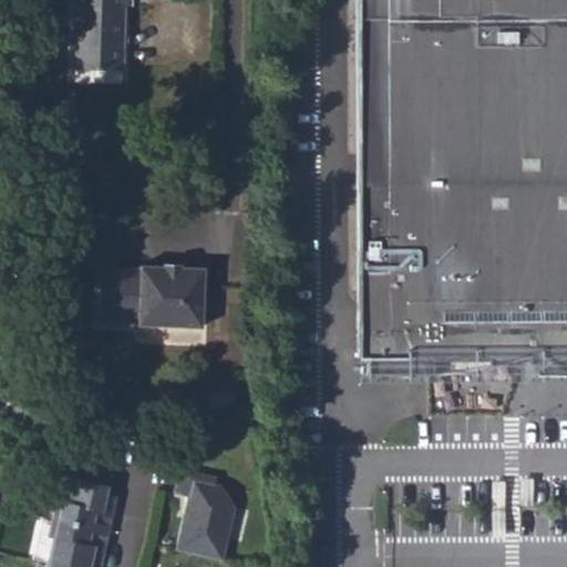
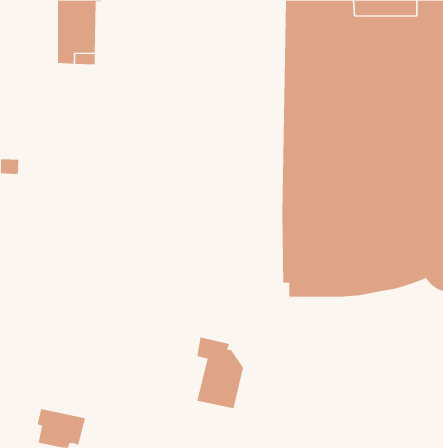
building: [92,259,202,331] -> none
building: [183,466,243,557] -> [196,337,244,409]
building: [58,473,122,528] -> none

